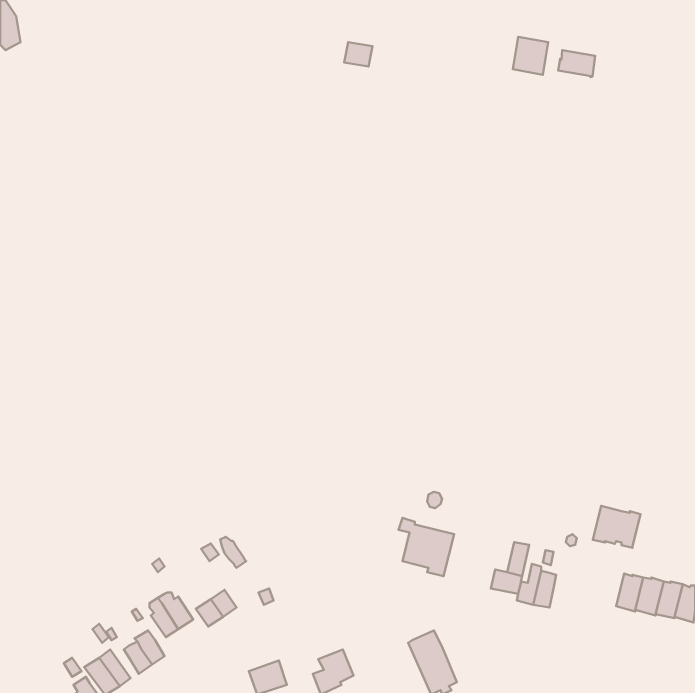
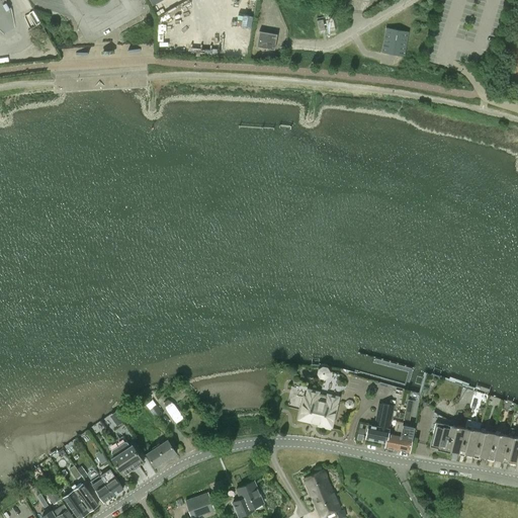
building: [558,50,595,77] -> none
building: [593,506,641,548] -> [429,422,464,453]

